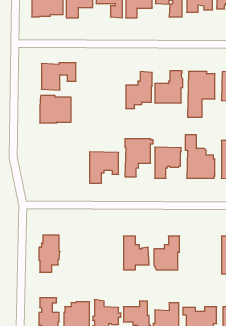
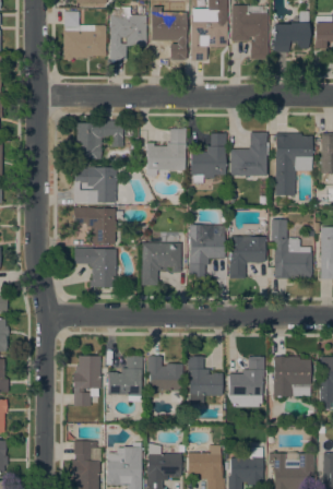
building: none -> [146,129,187,178]
building: none -> [73,207,116,242]
building: none -> [75,248,117,287]
building: none -> [108,356,143,402]
building: none -> [147,356,180,391]
building: none -> [273,356,311,396]

